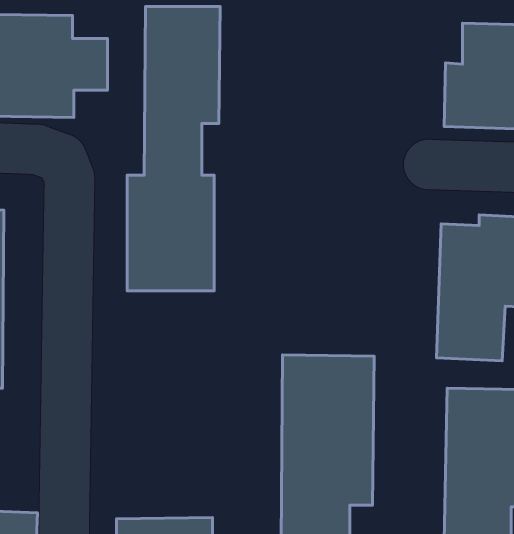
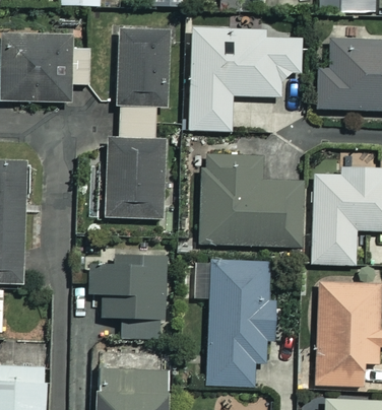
building: none -> [188,28,302,131]
building: none -> [200,156,304,246]
building: none -> [88,255,168,345]

